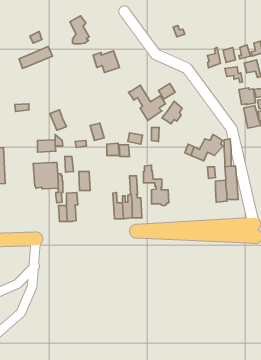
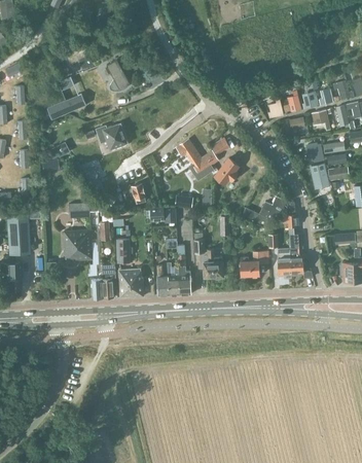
building: [93,51,120,73] -> [96,123,126,149]
building: none -> [239,251,267,276]
building: none -> [118,268,143,297]

